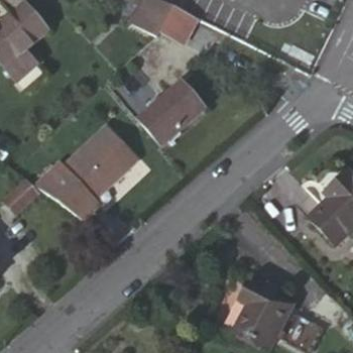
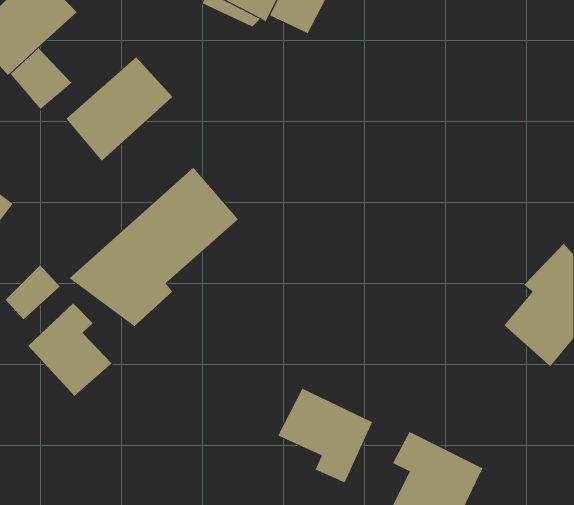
building: [140,81,205,143] -> [66,57,173,161]
building: none -> [27,302,113,397]
building: none -> [277,388,373,483]

